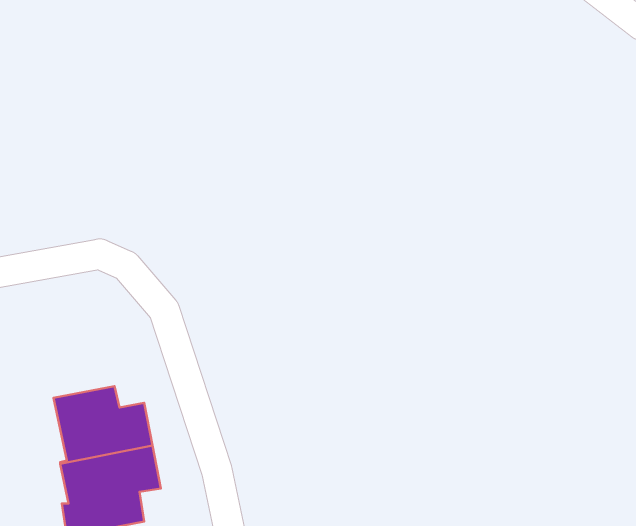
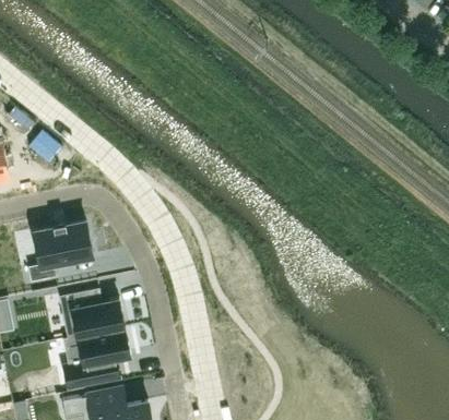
building: none -> [27,221,92,281]

